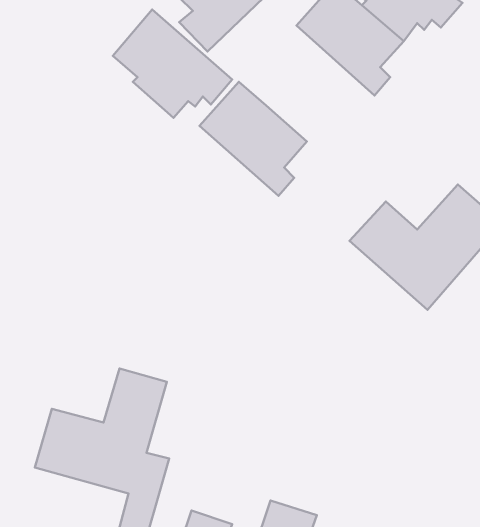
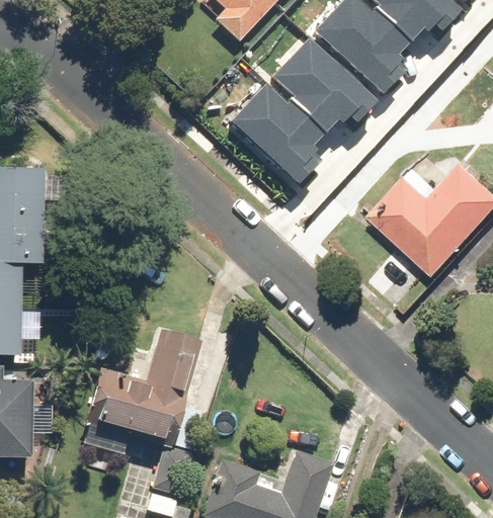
building: [113,10,232,118] -> [271,31,379,128]

